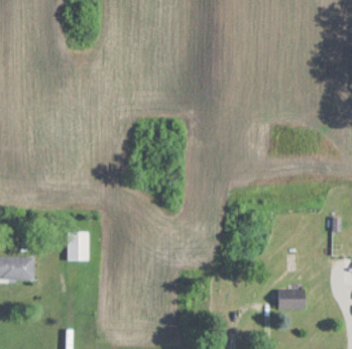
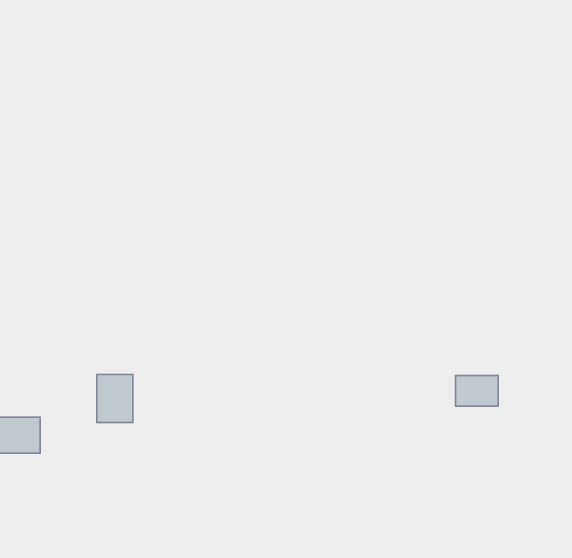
building: [278,289,304,308] -> [456,375,498,406]

